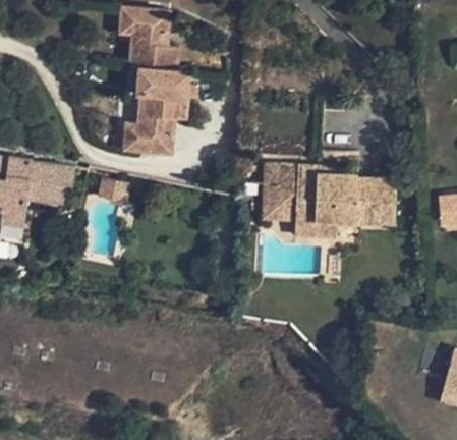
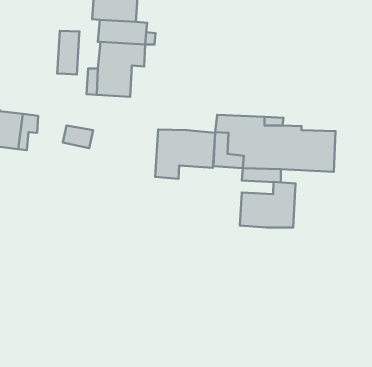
building: none -> [57,31,79,74]
building: none -> [155,130,215,179]
building: none -> [240,182,295,228]

